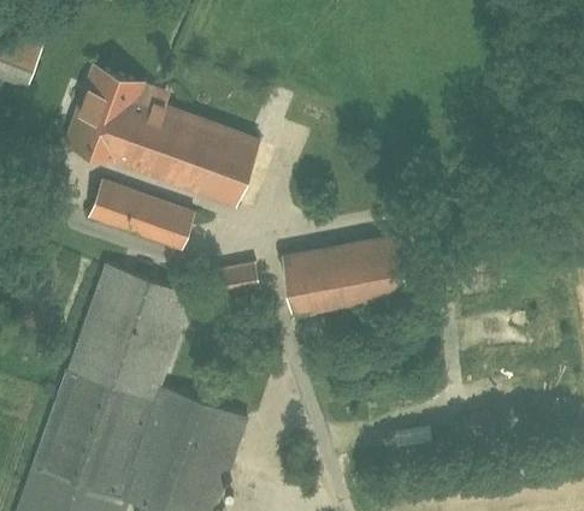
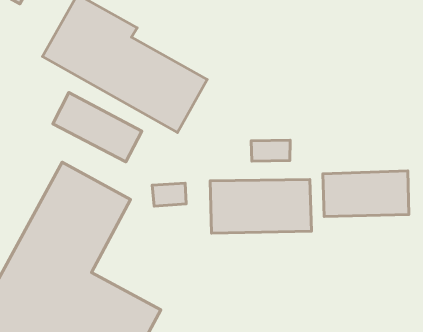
building: none -> [251,140,290,161]
building: none -> [323,171,409,216]

